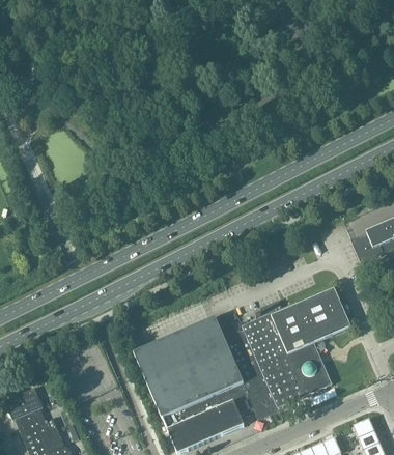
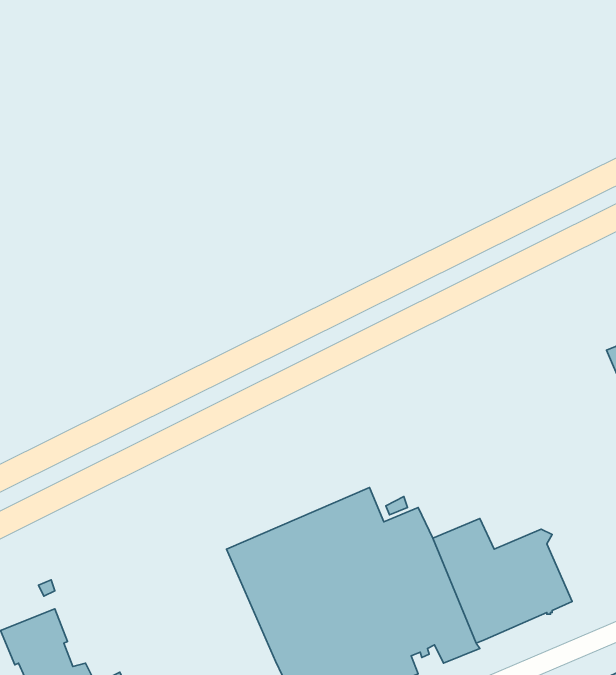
building: [242,288,350,352] -> none

